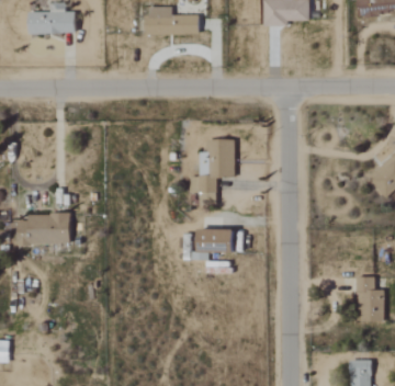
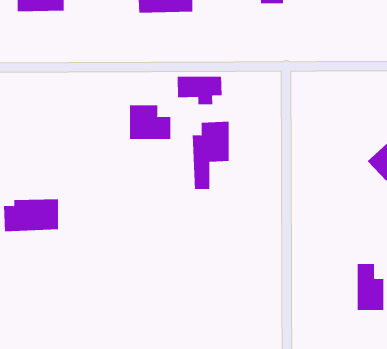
building: none -> [177,76,222,105]
building: none -> [129,105,171,140]
building: [198,229,235,253] -> none

